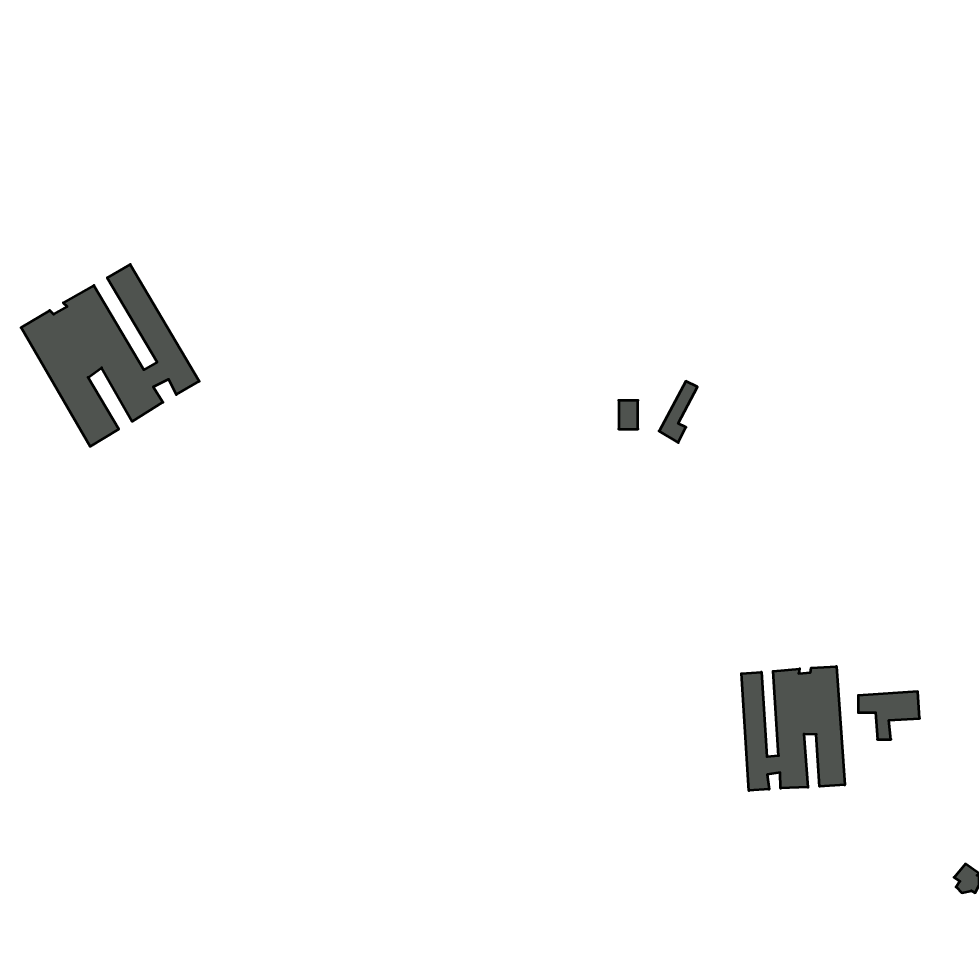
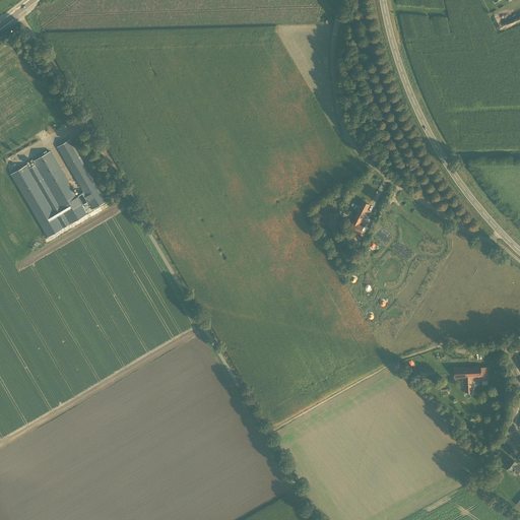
building: [741,666,845,791] -> none

